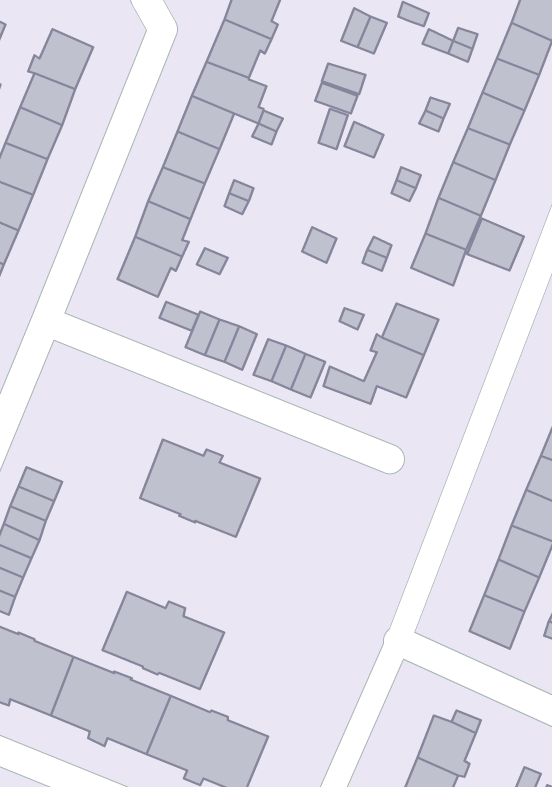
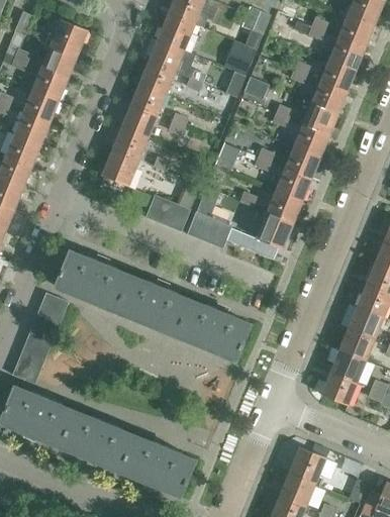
building: [467,219,524,270] -> [276,168,311,200]
building: none -> [56,250,130,311]
building: [102,592,224,689] -> [176,299,252,359]

